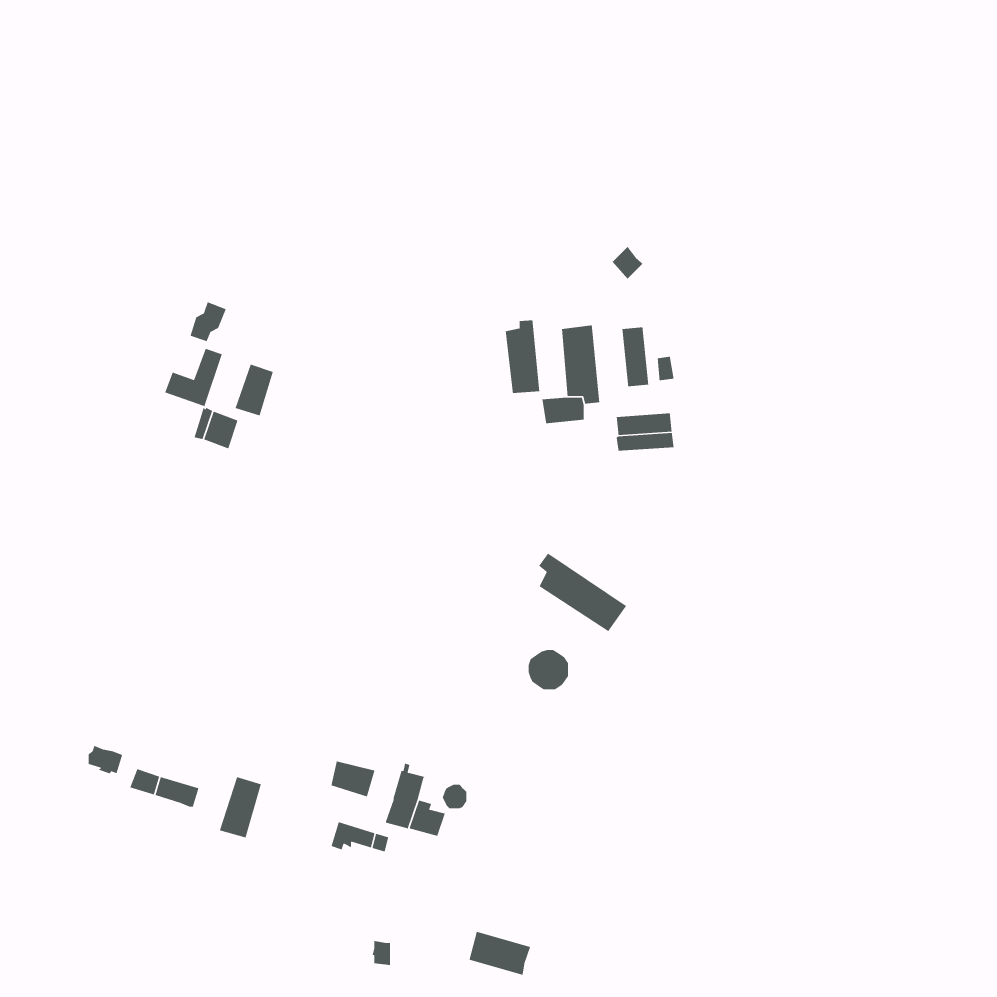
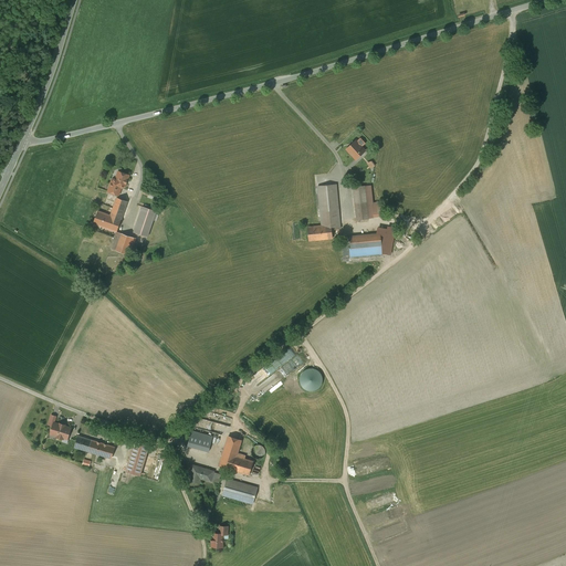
building: [505,319,540,394] -> none
building: [538,553,627,632] -> none
building: [468,931,531,976] -> [221,478,256,503]

